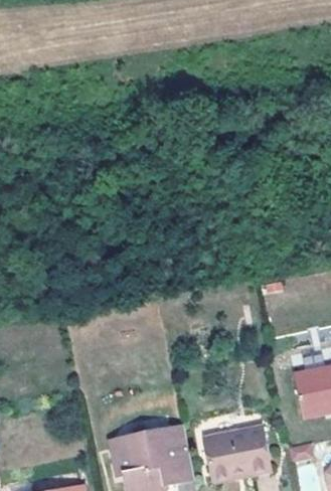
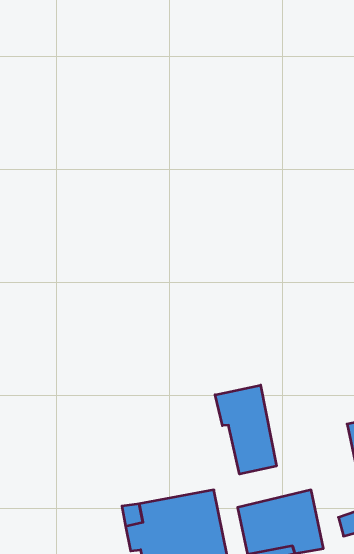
building: none -> [215,385,276,474]

